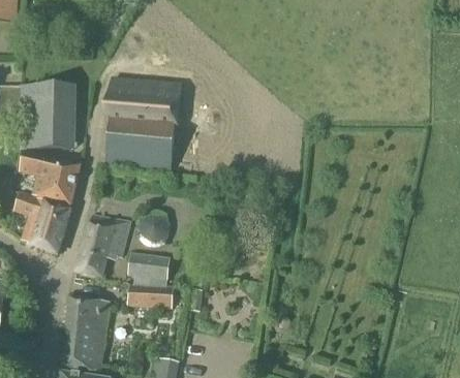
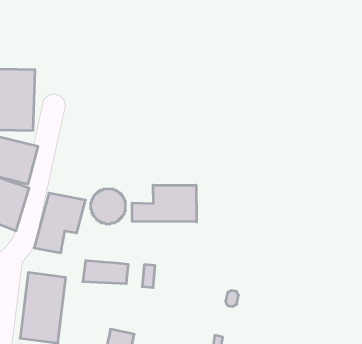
building: [104,76,181,169] -> none
building: none -> [132,185,197,222]
building: [127,252,170,287] -> none

